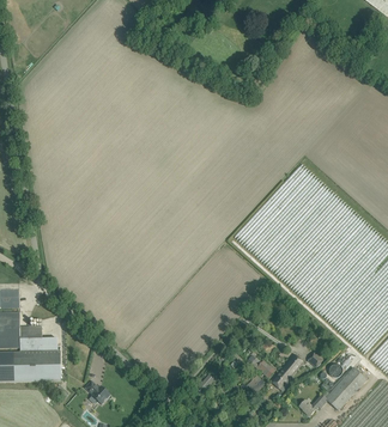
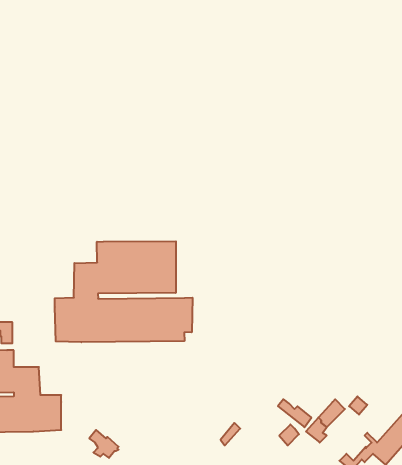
building: none -> [55,241,192,342]

